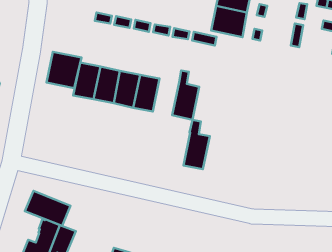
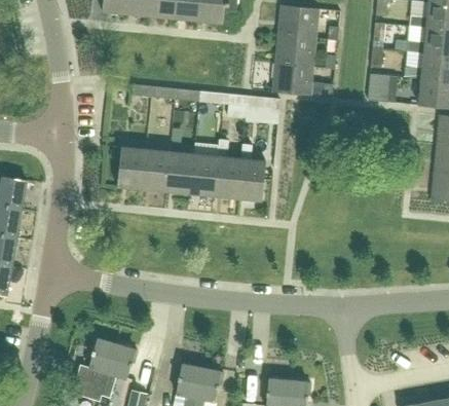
building: [46,52,81,88] -> none
building: [183,120,210,169] -> [213,140,240,197]
building: [25,191,71,226] -> none

